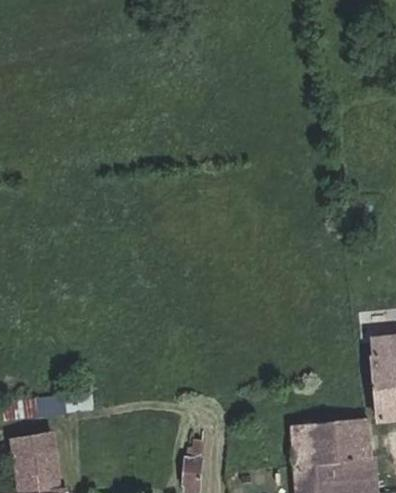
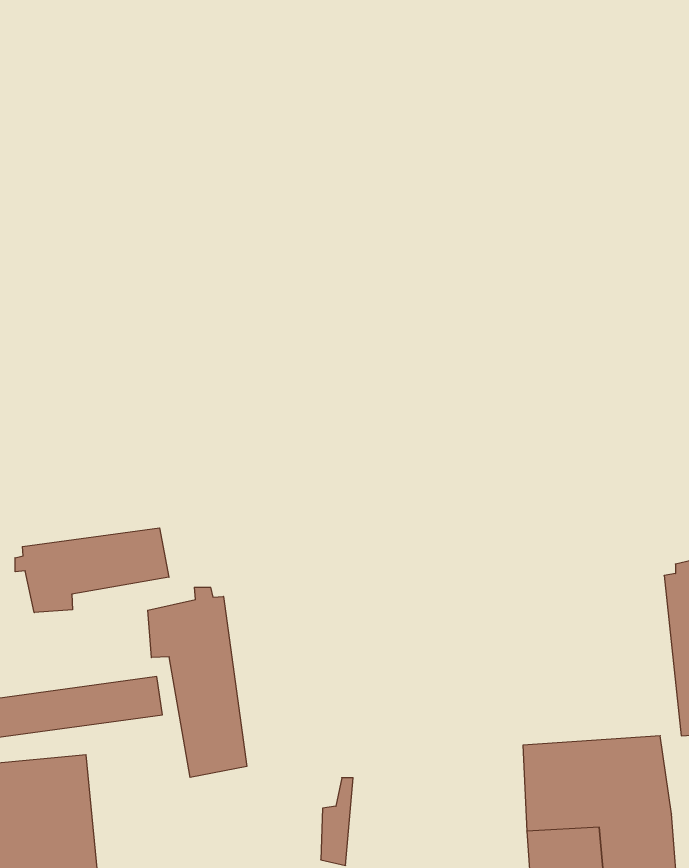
building: none -> [15,528,169,613]
building: none -> [148,587,247,777]

